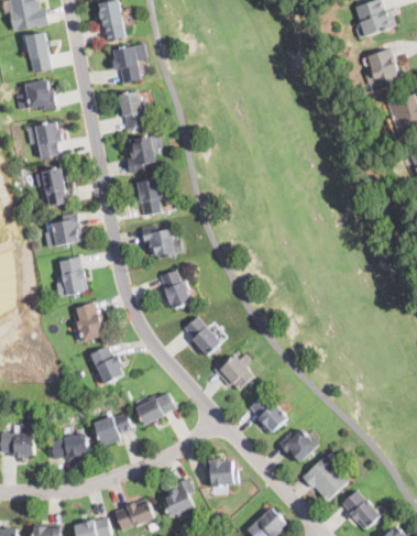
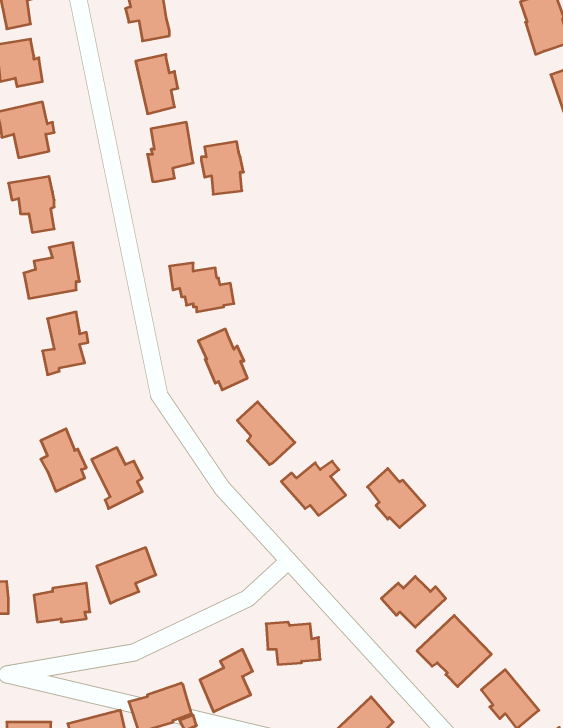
building: [134,179,162,214] -> [201,142,244,194]
building: [76,302,106,342] -> [41,429,86,491]
building: [134,393,175,425] -> none
building: [250,394,287,433] -> [367,468,425,528]

